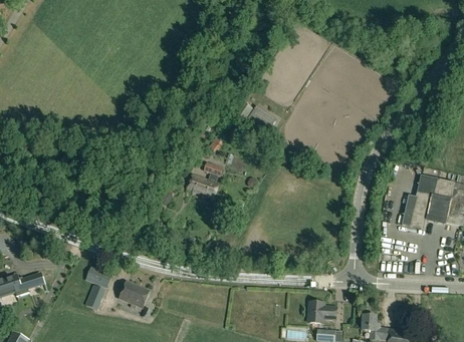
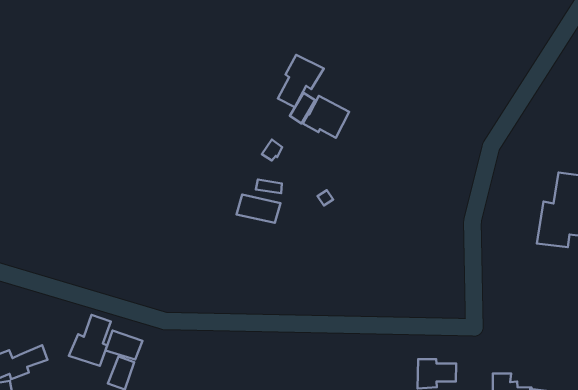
building: none -> [278,55,324,107]
building: none -> [69,315,111,366]
building: [119,280,149,307] -> none

